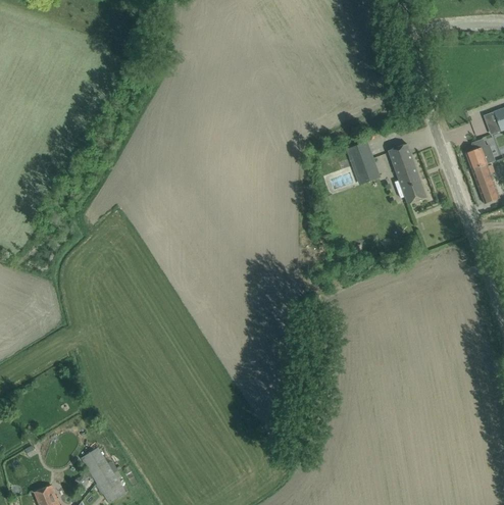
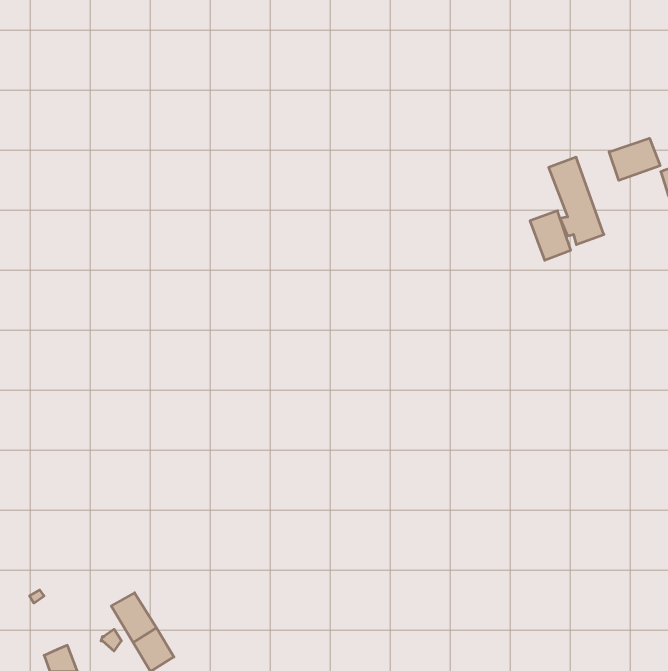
building: none -> [609,138,660,180]
building: [348,143,376,178] -> [530,211,571,260]

